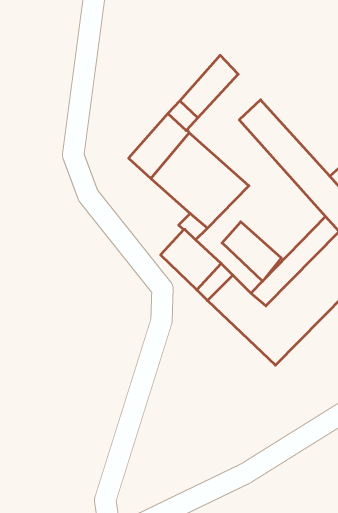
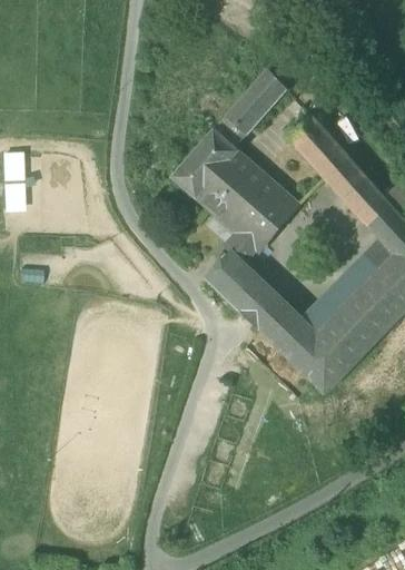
building: [222,222,281,281] -> none

